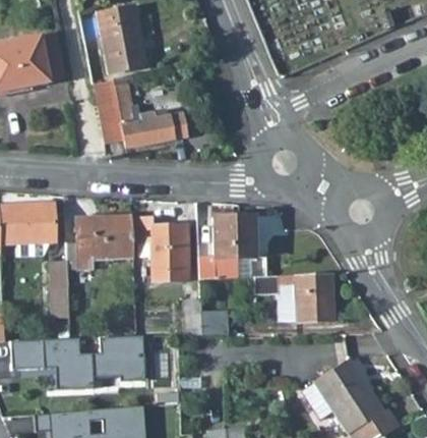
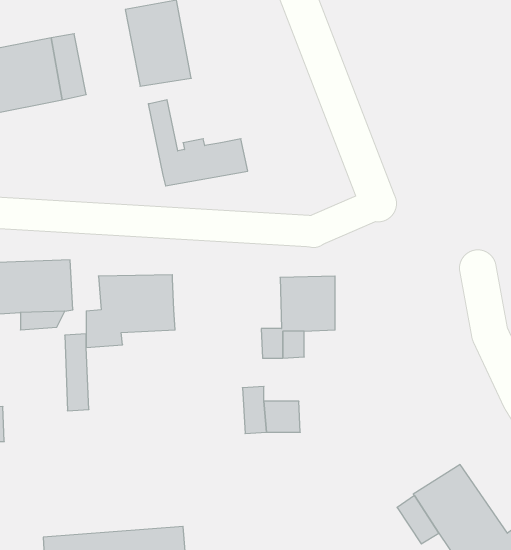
building: [93,78,125,144] -> none
building: [132,218,188,281] -> none
building: [255,273,334,322] -> none
building: [11,336,144,390] -> none

